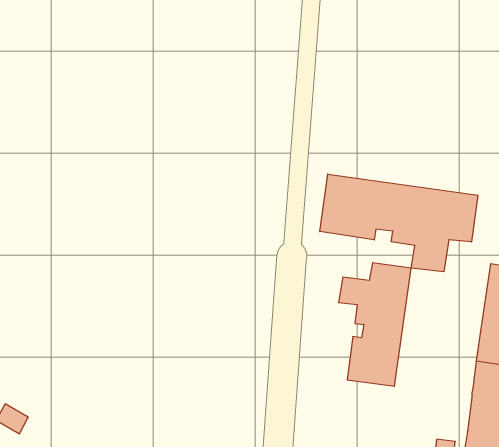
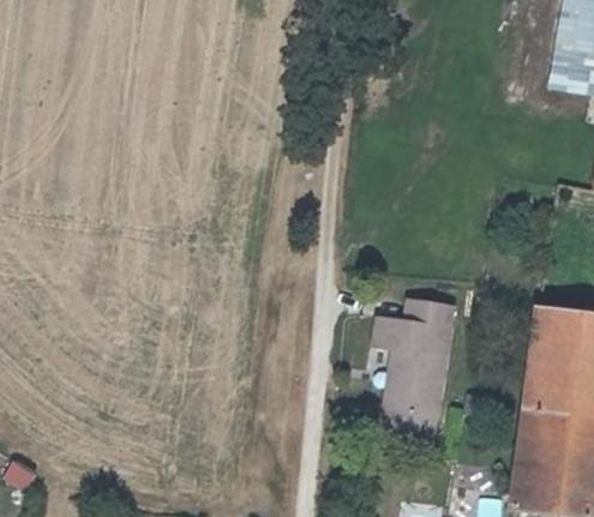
building: [320,174,478,272] -> none

